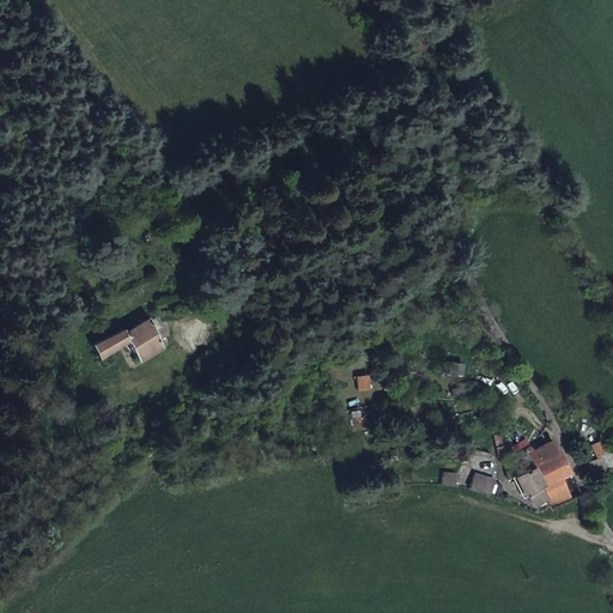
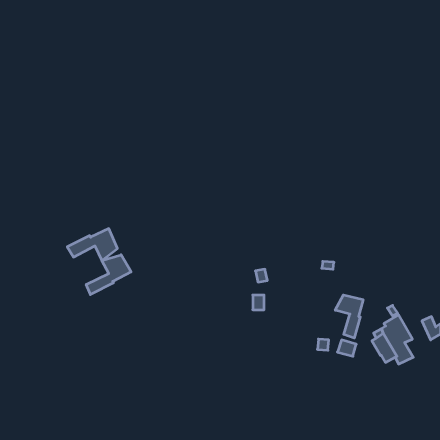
building: none -> [86,255,131,295]
building: none -> [335,295,363,338]

